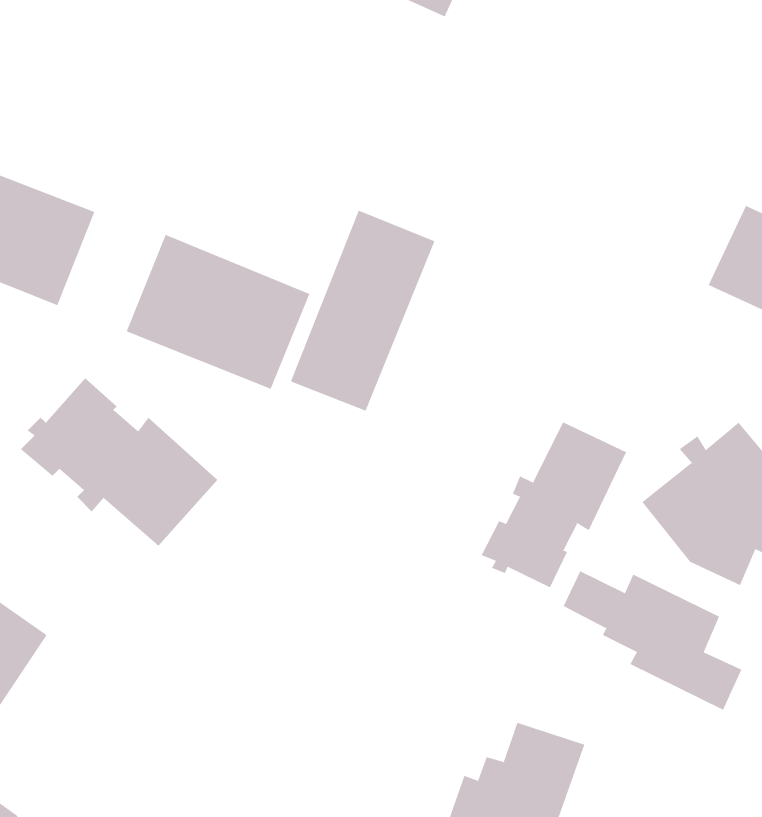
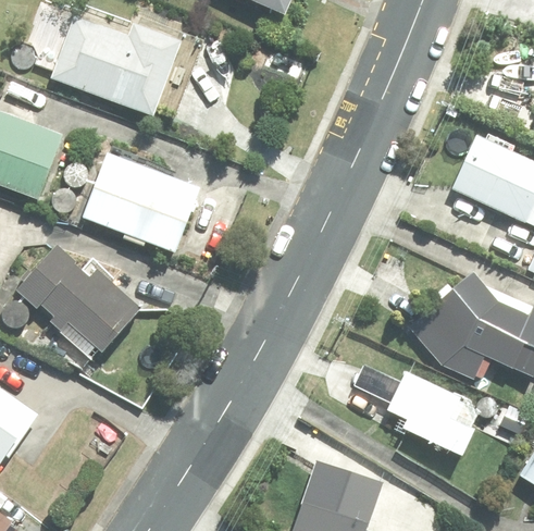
building: none -> [51,15,182,116]
building: [290,210,435,412] -> none
building: [481,421,627,588] -> none

